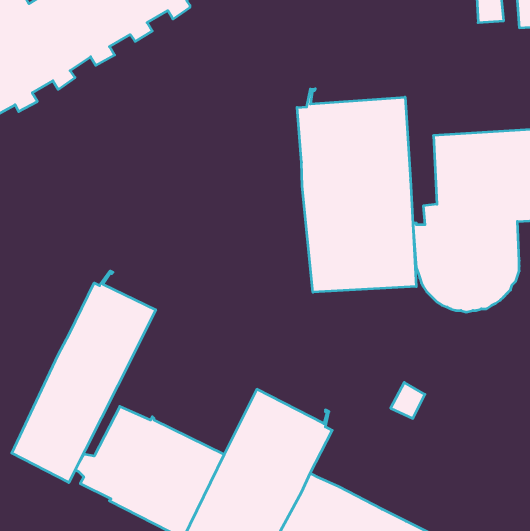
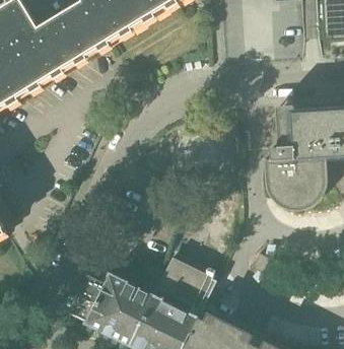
building: [297,89,416,292] -> none
building: [12,271,156,483] -> none

